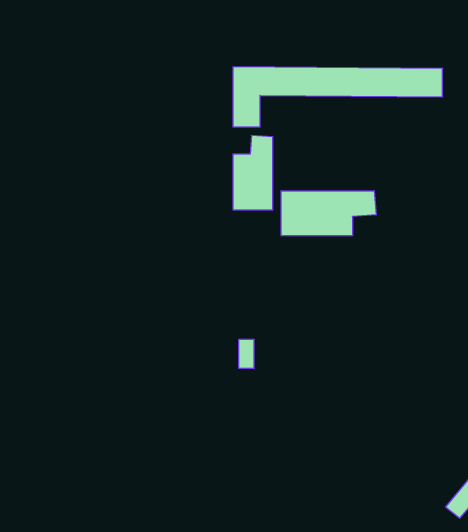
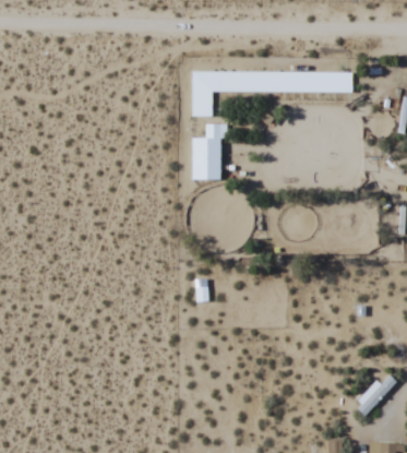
building: [281,191,376,236] -> none

